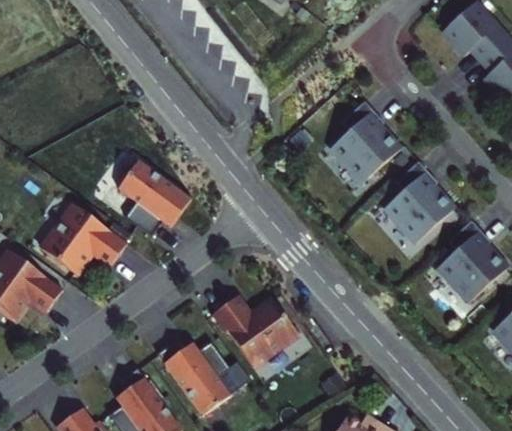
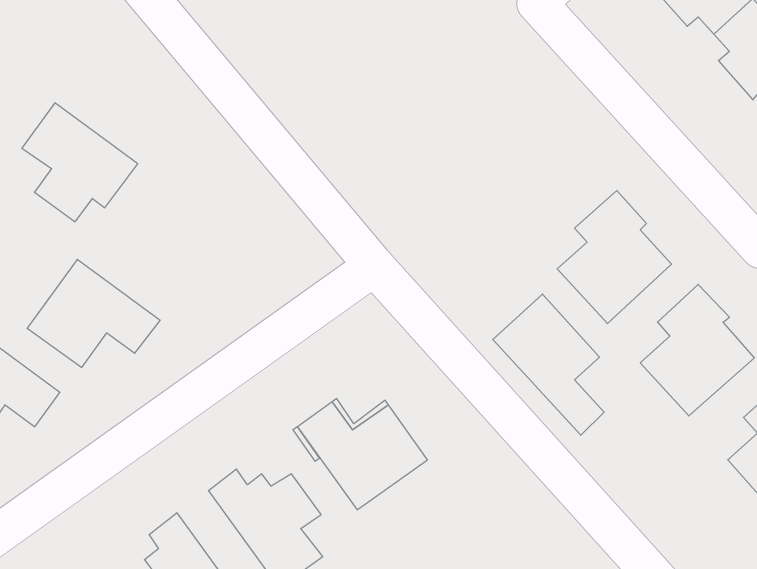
building: [328,101,401,186] -> none
building: [117,160,191,236] -> [22,103,138,222]
building: none -> [493,294,604,435]

